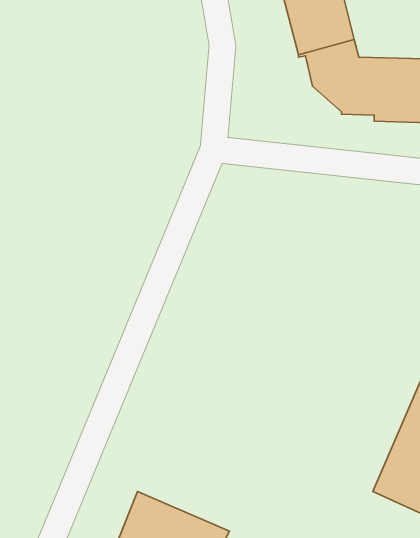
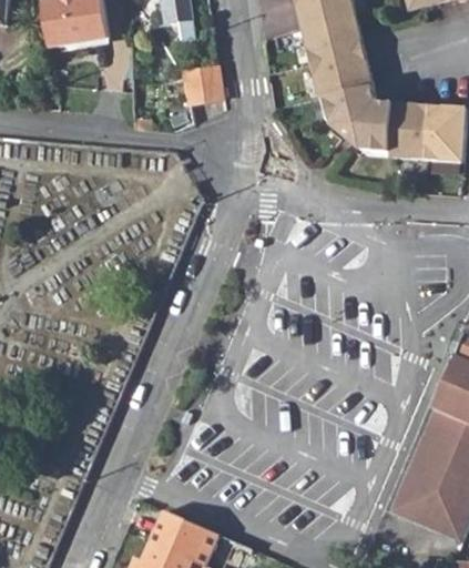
building: none -> [180,65,222,105]

